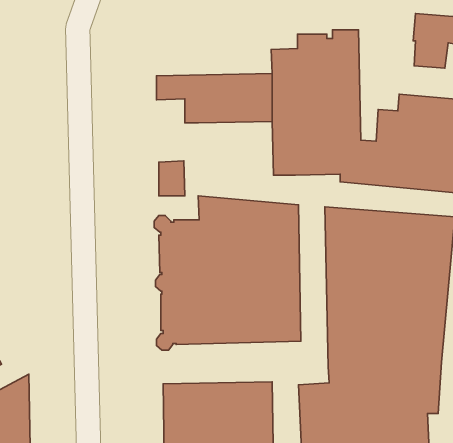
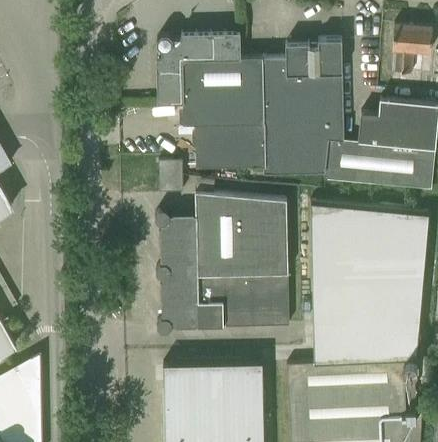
building: none -> [157,35,263,84]
building: none -> [195,126,264,175]

